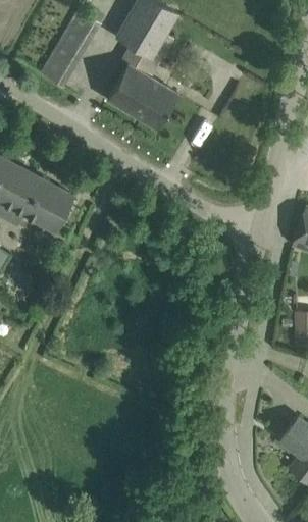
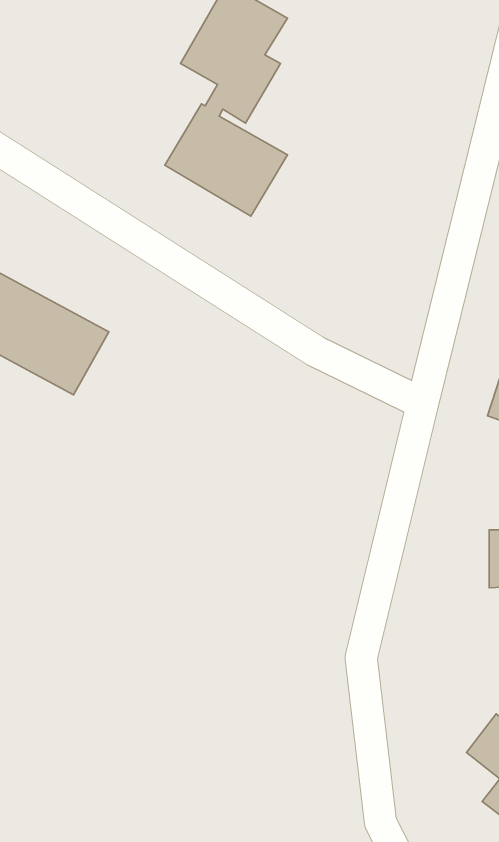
building: [40,10,100,87] -> none

